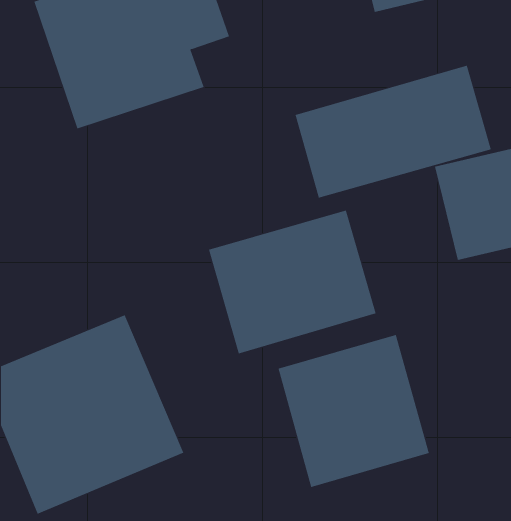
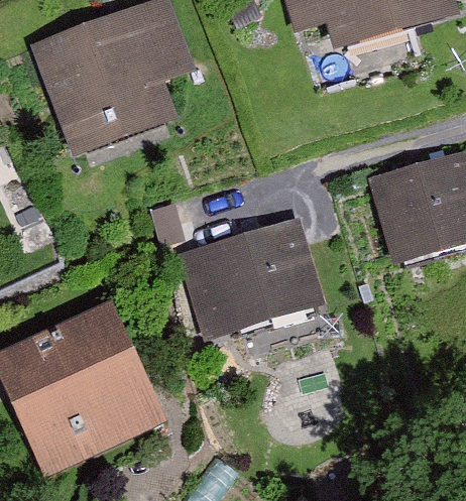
building: [295,65,492,199] -> none
building: [278,334,429,488] -> none

